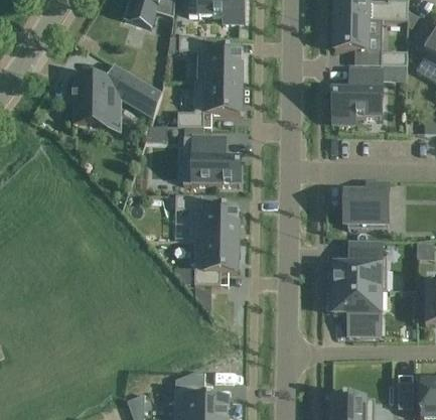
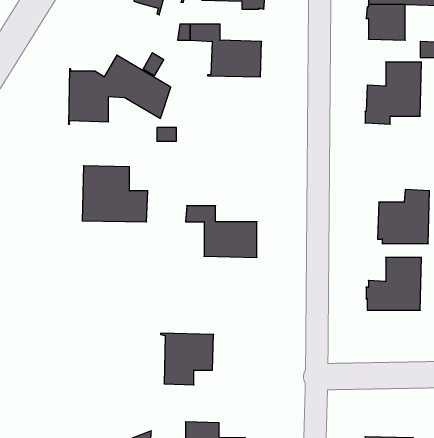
building: [176,81,242,126] -> none
building: [182,135,240,184] -> [82,166,148,222]
building: [190,239,237,284] -> [161,333,214,385]
building: [332,286,380,332] -> none

